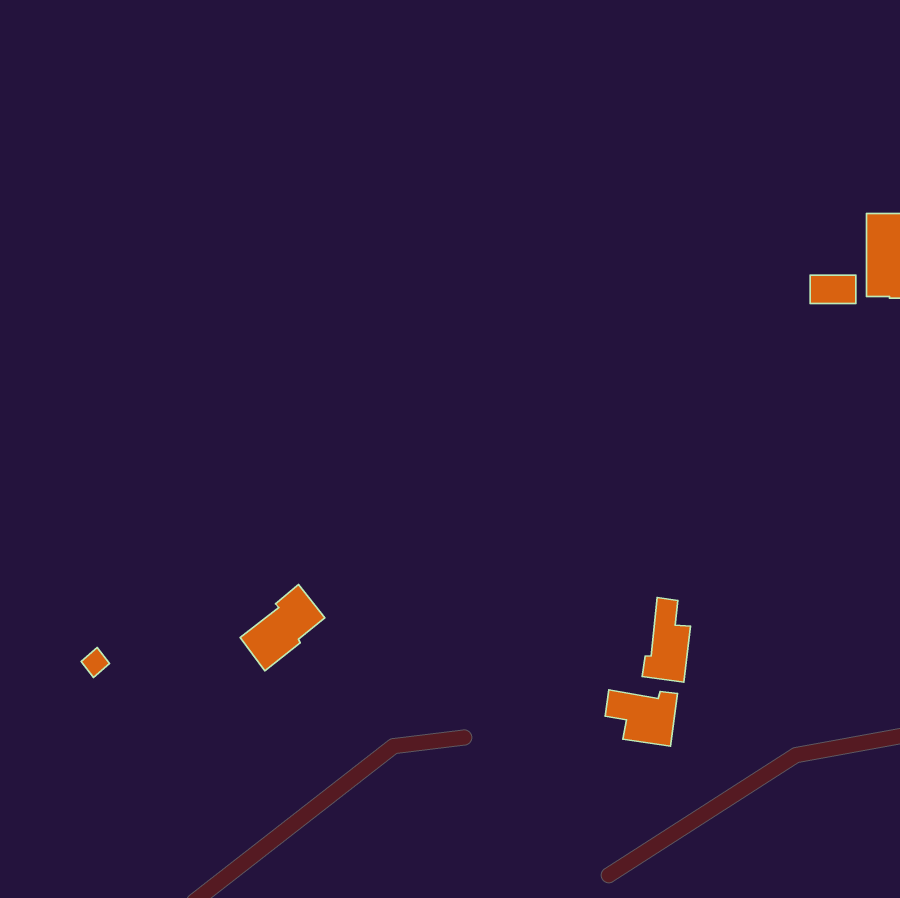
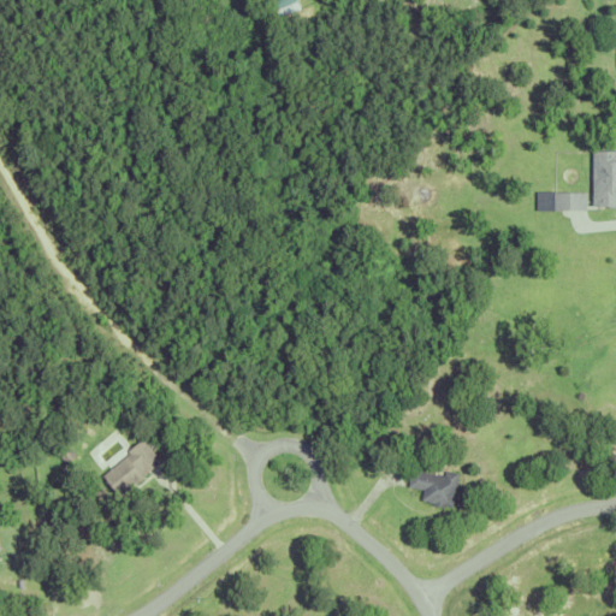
building: [240,584,325,671] -> [102,438,160,497]
building: [642,598,691,682] -> none

